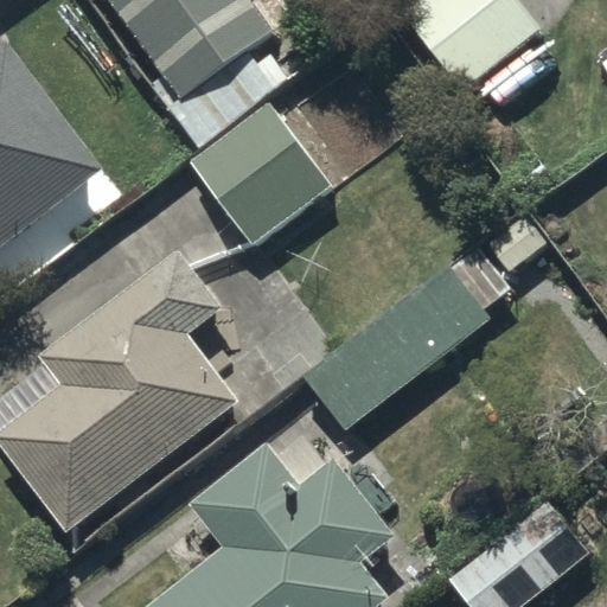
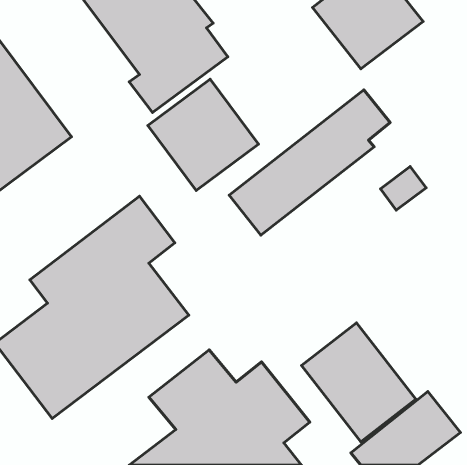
building: [304,243,509,428] -> [229,90,390,235]
building: none -> [302,323,416,442]

